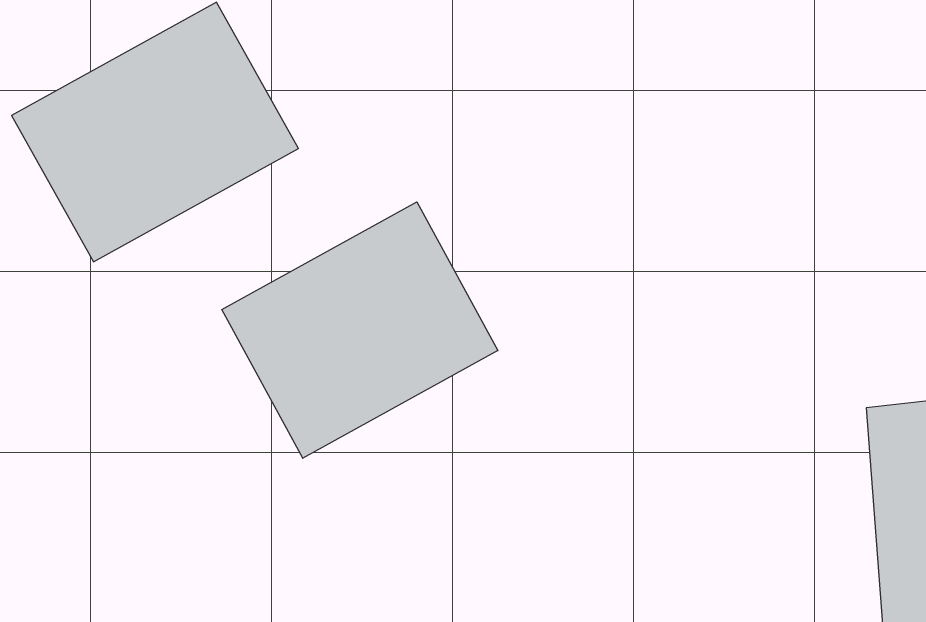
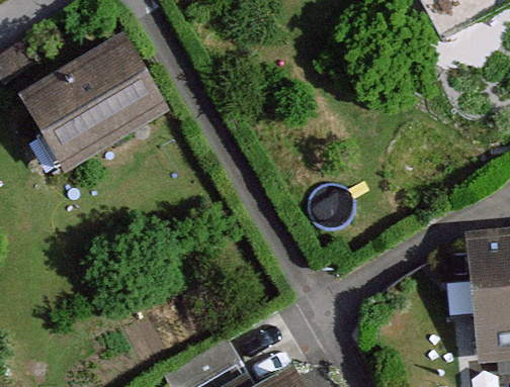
building: [222,202,498,458] -> none

